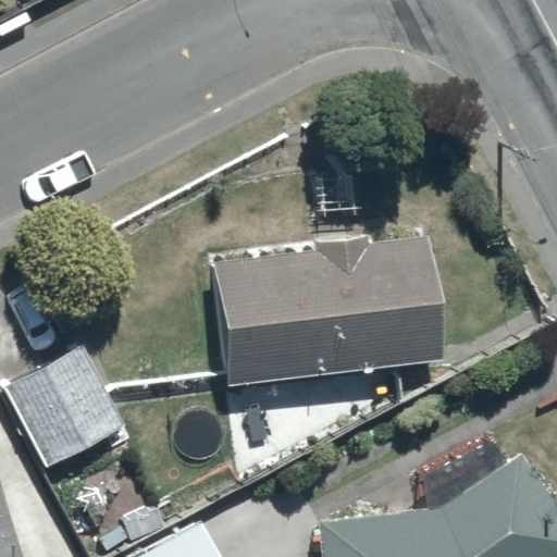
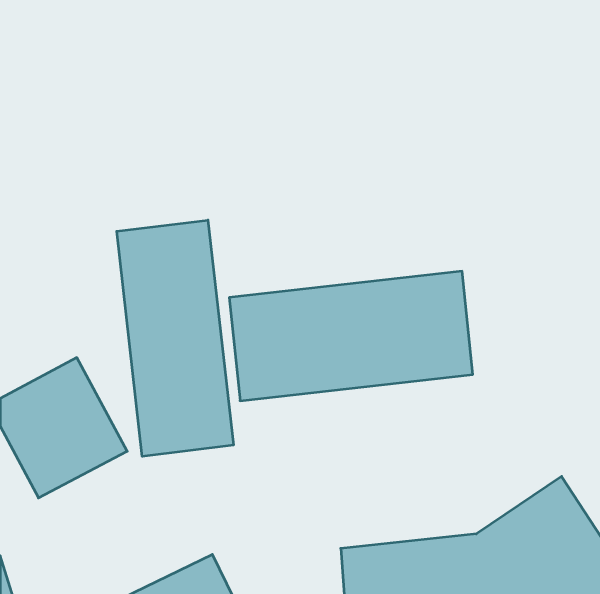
building: none -> [117,220,233,456]

